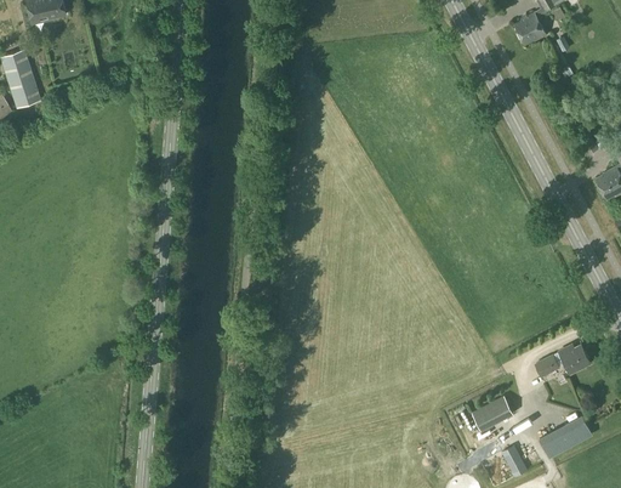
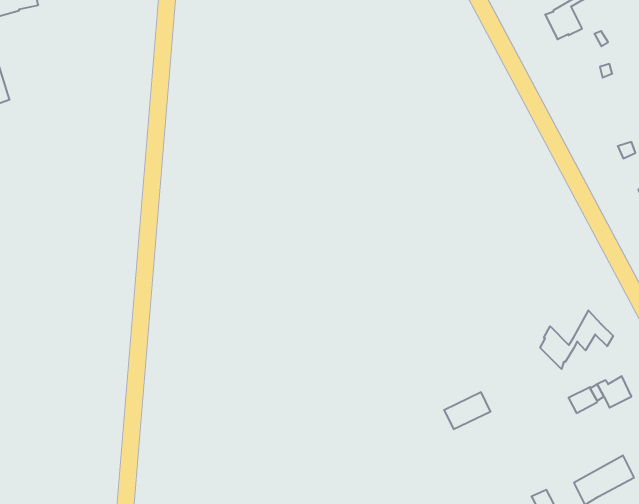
building: none -> [540,310,613,369]
building: [472,398,513,431] -> [444,392,491,429]

